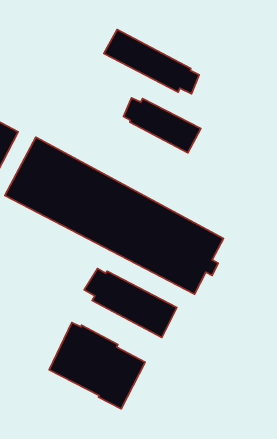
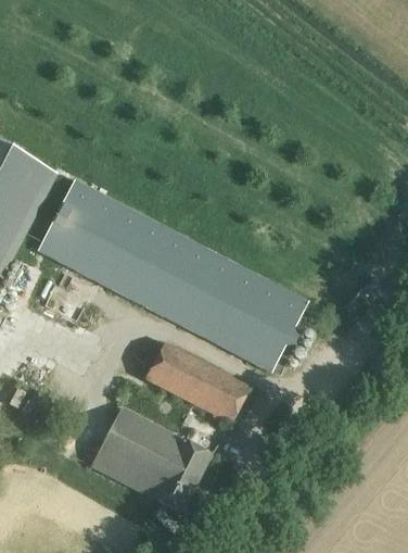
building: [104,29,199,94] -> none
building: [123,98,201,153] -> none

